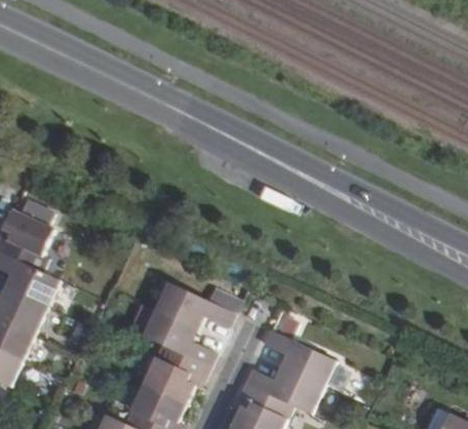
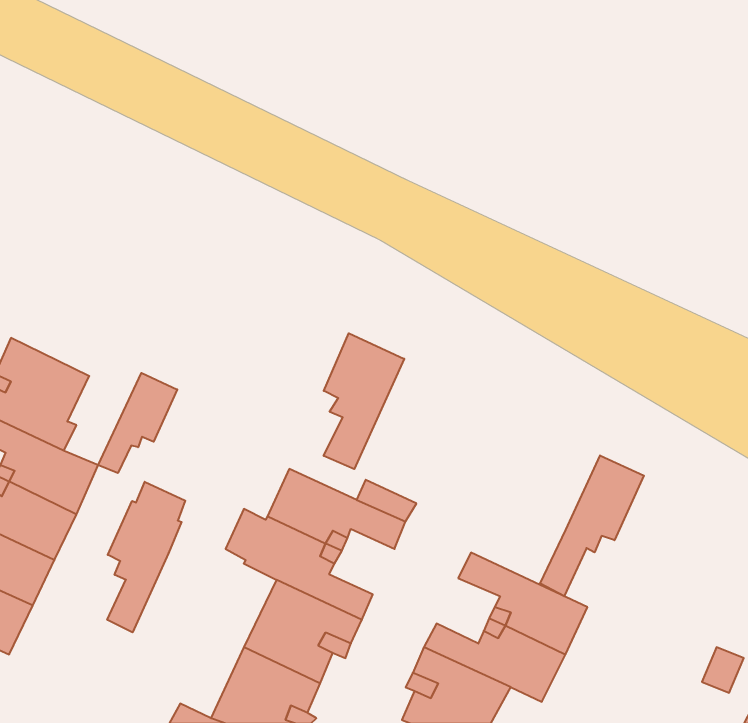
building: none -> [324,333,404,469]
building: none -> [98,373,177,473]
building: none -> [540,455,644,596]
building: none -> [107,482,185,632]

